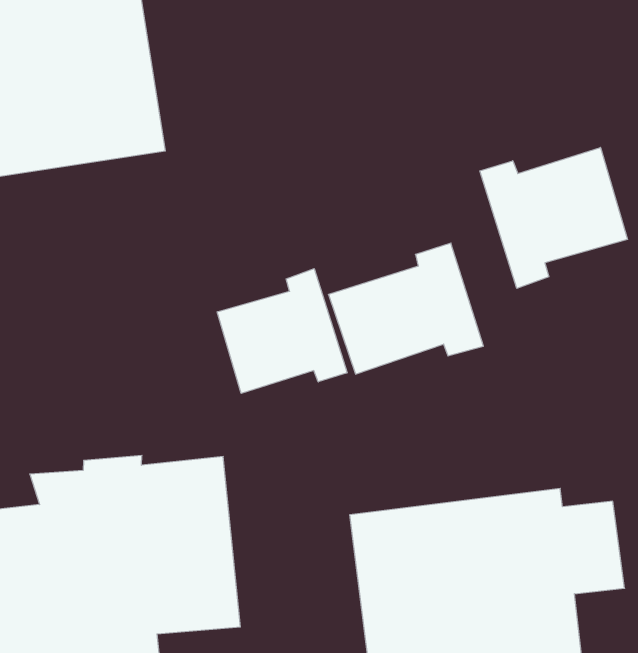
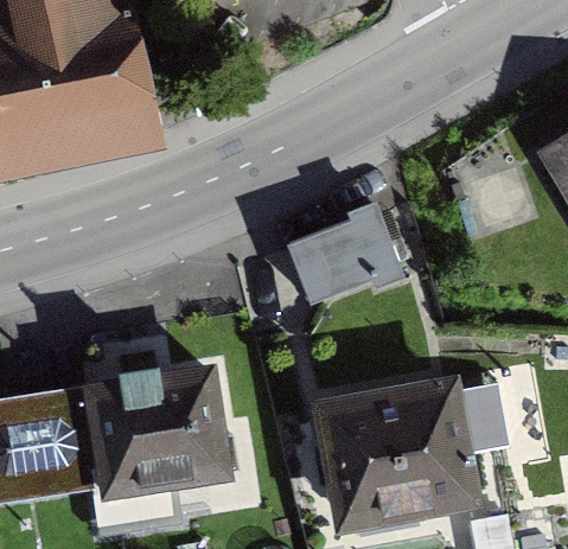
building: [480,147,627,288] -> none
building: [217,269,347,393] -> none

